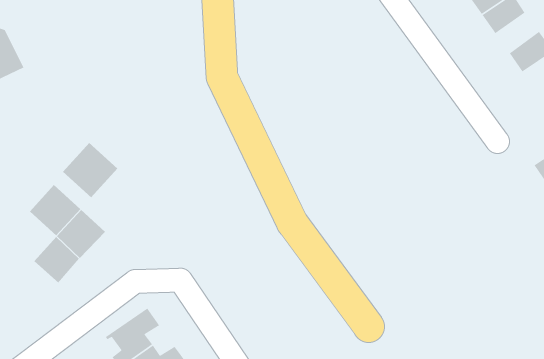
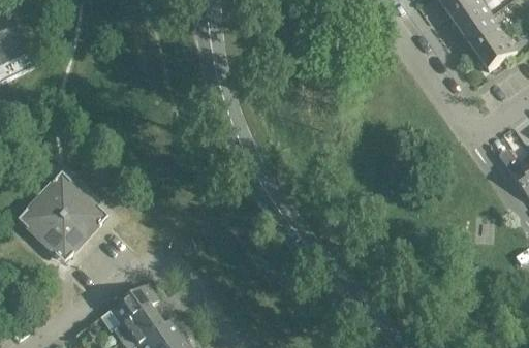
building: none -> [464,14,504,52]
building: [62,142,118,198] -> none
building: none -> [17,196,62,242]

